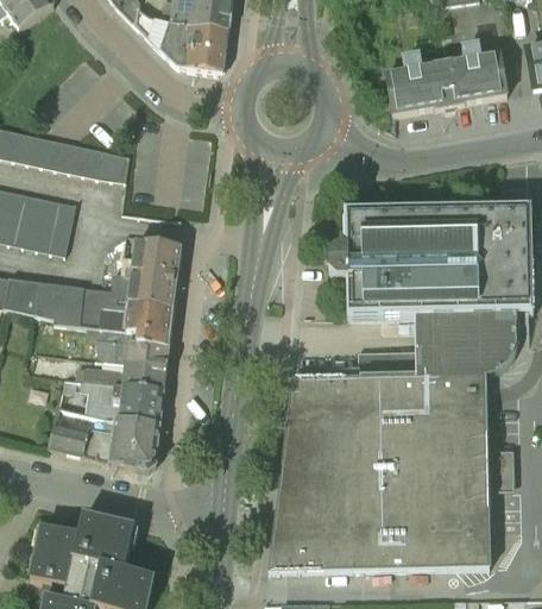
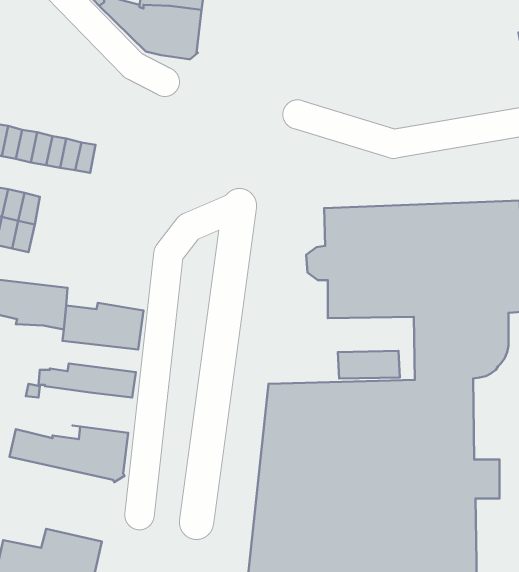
building: [386,54,505,113] -> none
building: [101,240,182,310] -> none
building: [96,339,169,369] -> none
building: [80,382,163,426] -> none

